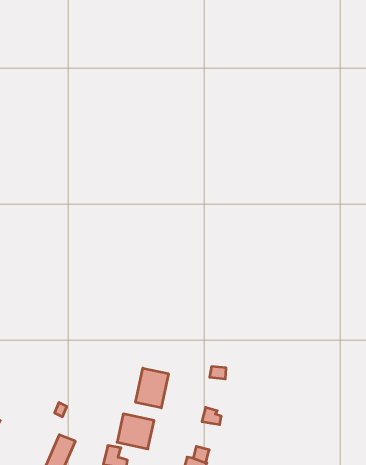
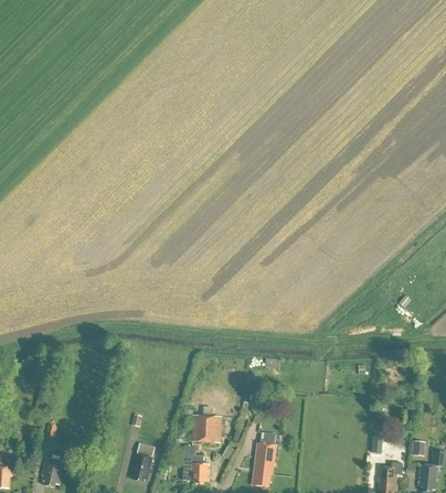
building: [136,368,168,408] -> none

